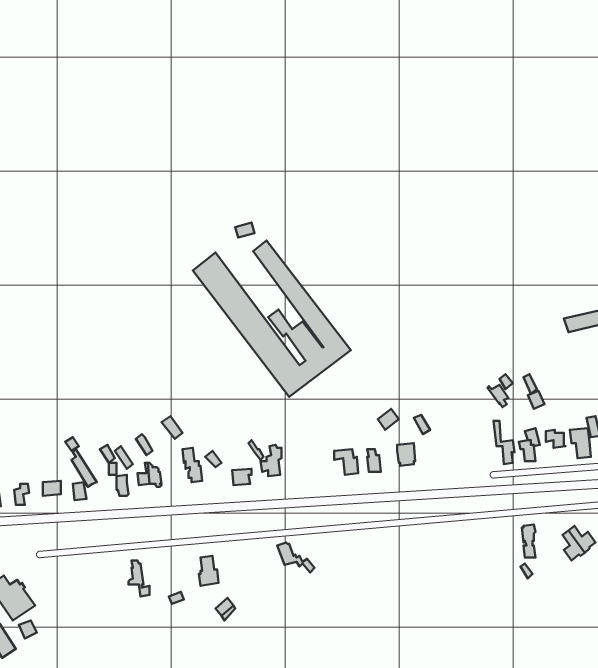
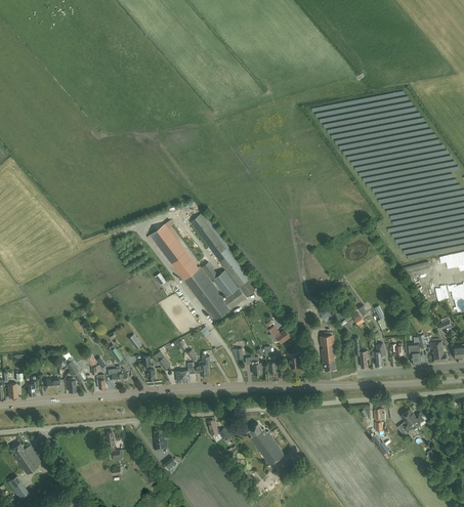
building: none -> [320,334,336,370]
building: none -> [248,423,284,464]

